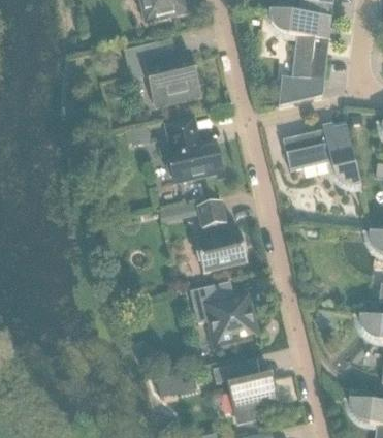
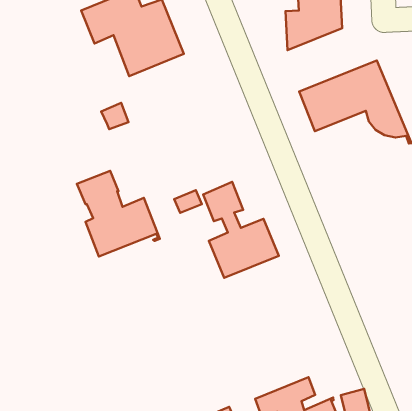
building: [166,117,223,181] -> [77,171,160,256]
building: [191,281,257,347] -> none

